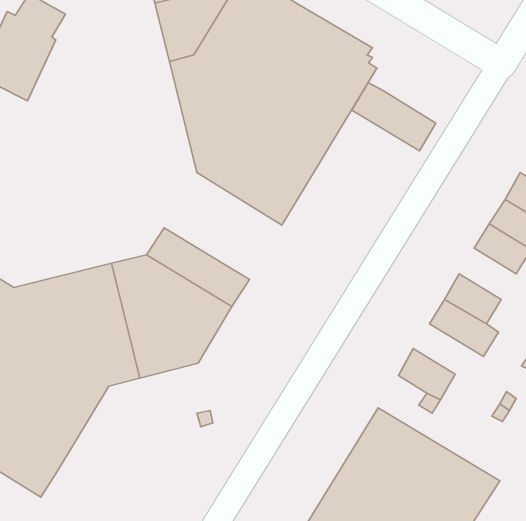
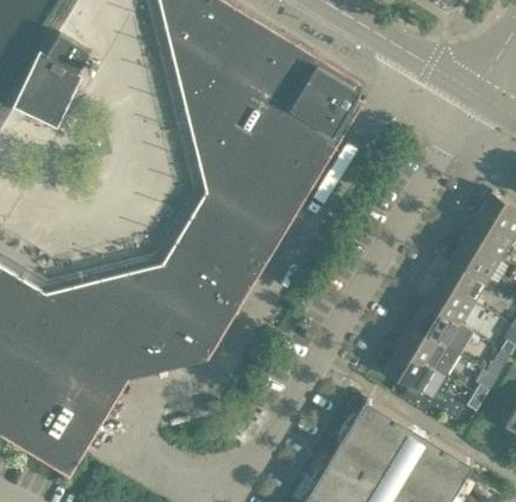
building: [352,82,436,151] -> none
building: none -> [176,192,280,286]
building: none -> [436,259,486,304]
building: none -> [396,326,458,377]

